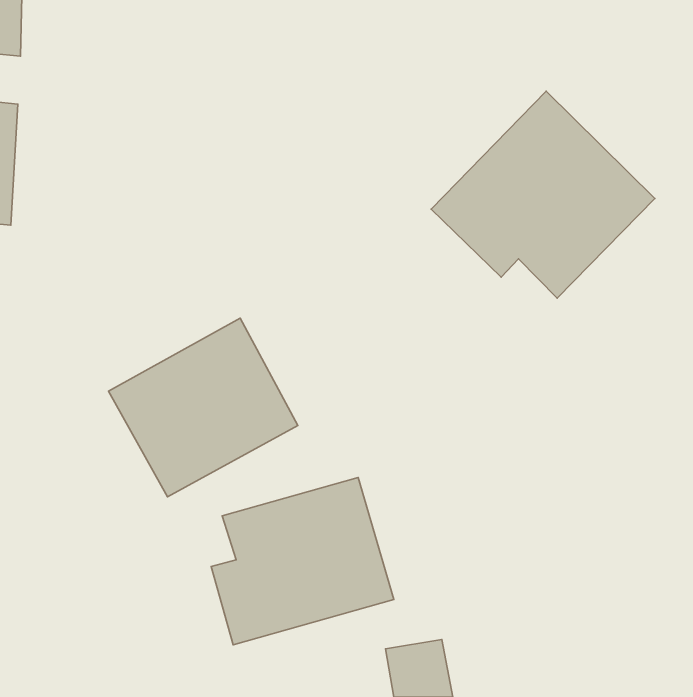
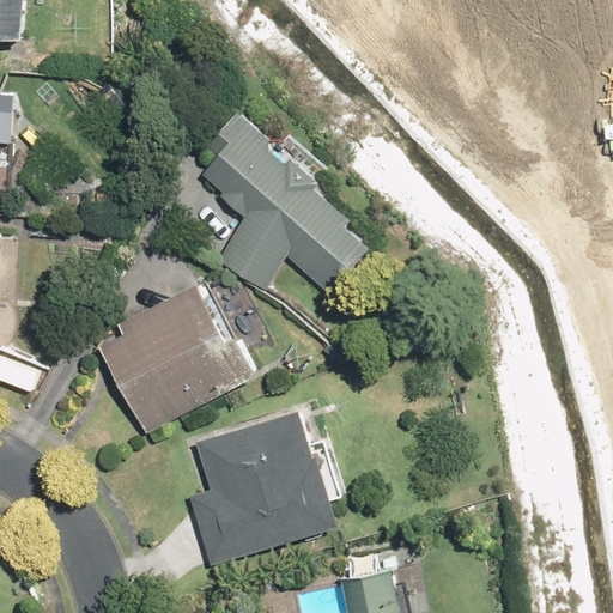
building: [431,91,655,298] -> none
building: none -> [195,110,365,304]

